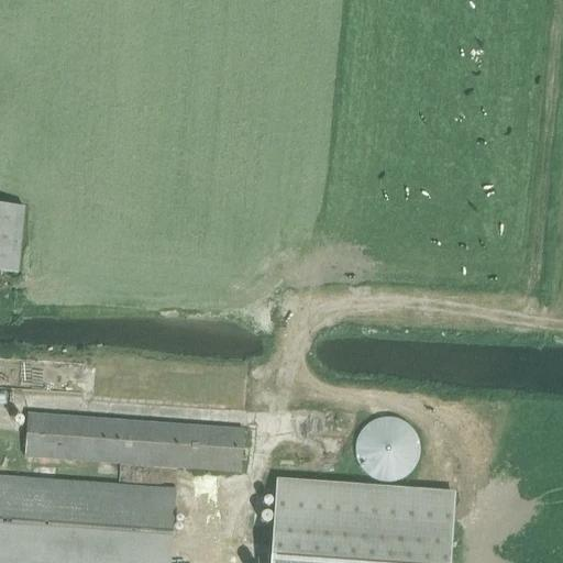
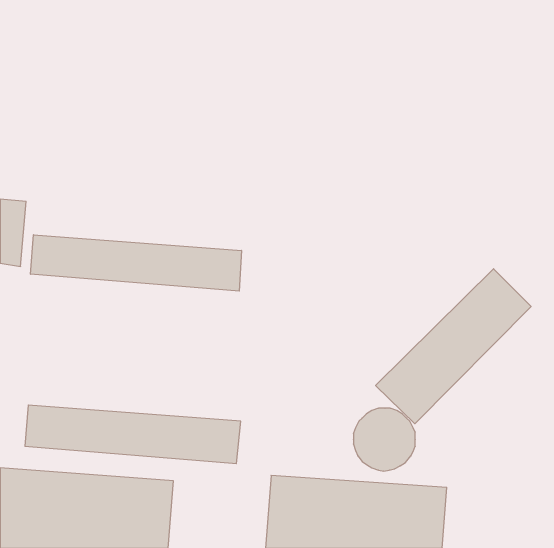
building: none -> [31,235,241,291]
building: none -> [376,269,531,424]

